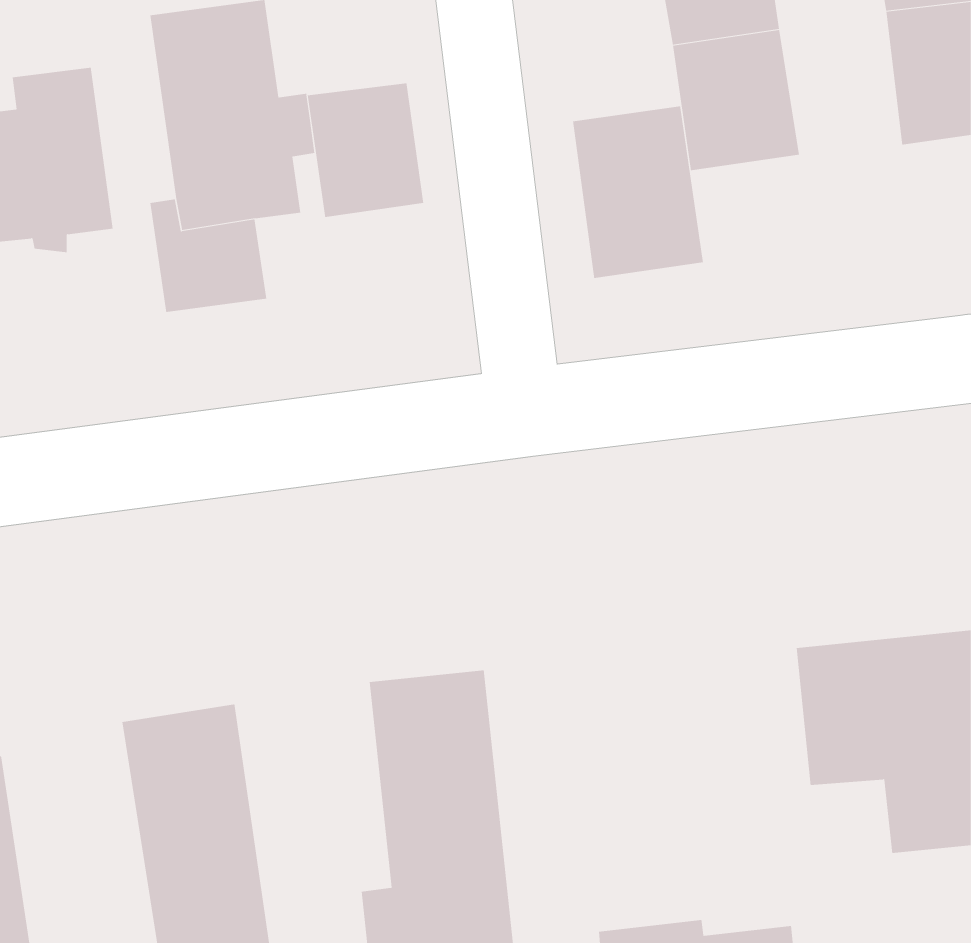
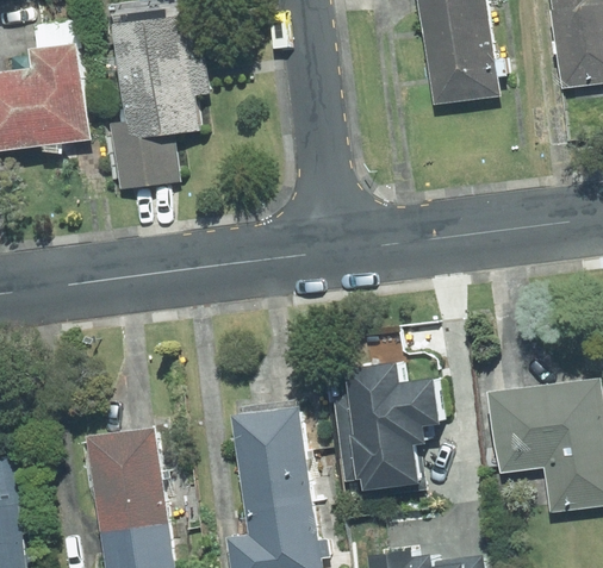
building: [307,83,424,218] -> none
building: [573,105,704,279] -> none
building: none -> [334,361,446,495]

